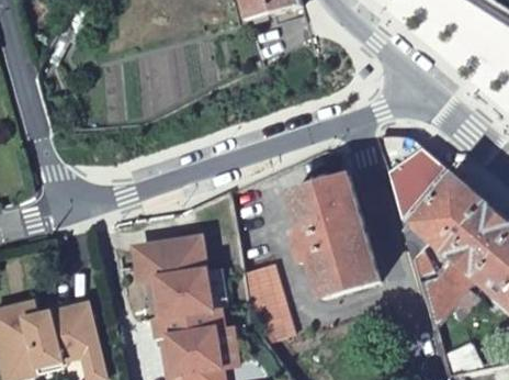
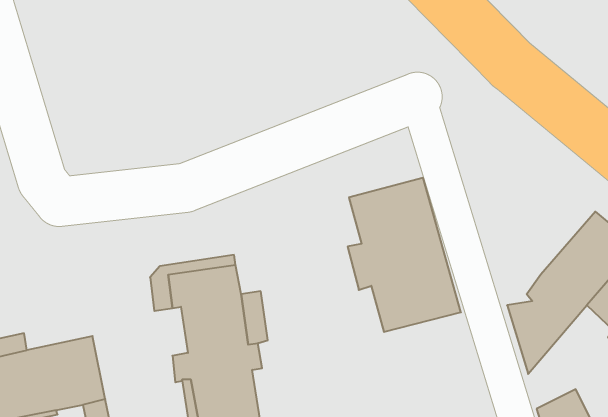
building: [377,138,448,222] -> none
building: [405,177,485,271] -> none
building: [241,260,291,336] -> none

